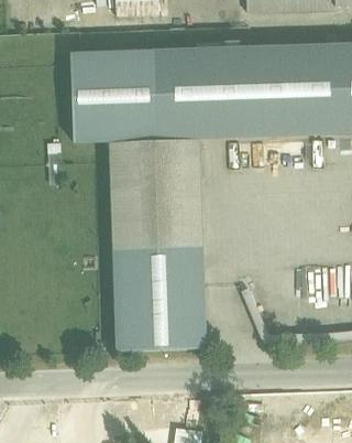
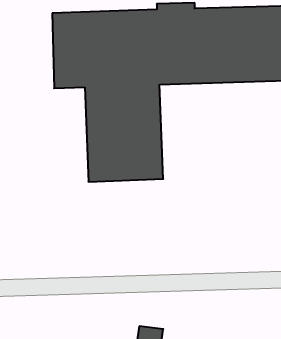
building: [113,250,206,350] -> none

